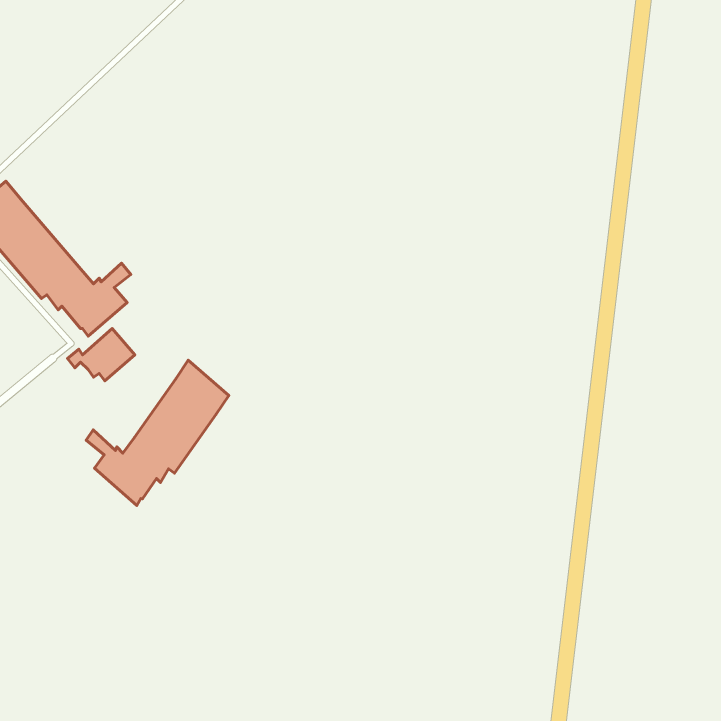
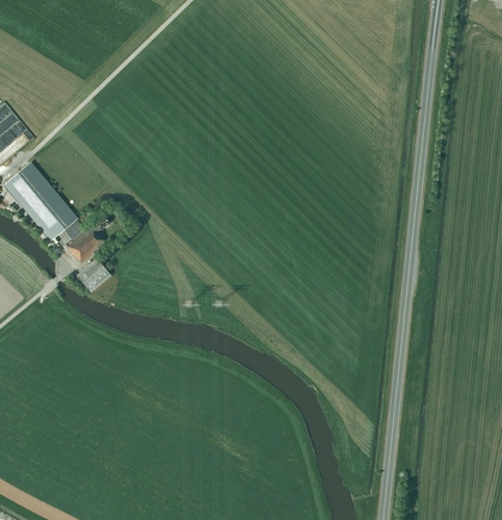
building: [86,360,229,505] -> none

